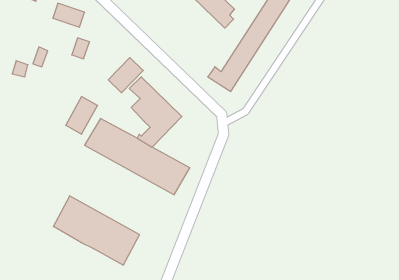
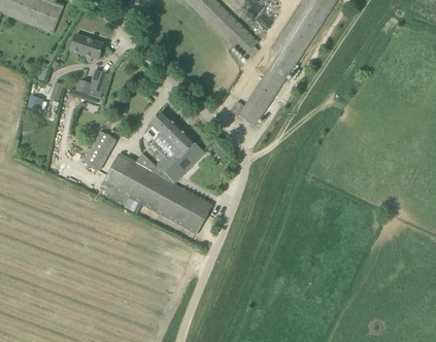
building: [108,58,143,93] -> none
building: [53,196,139,265] -> none

